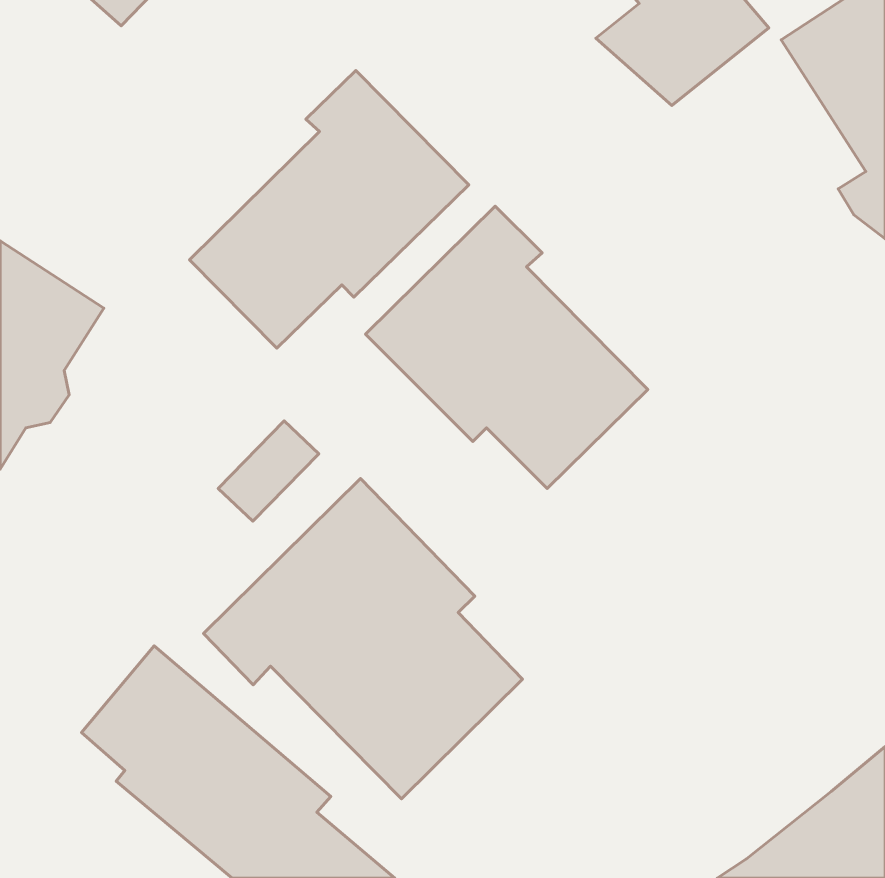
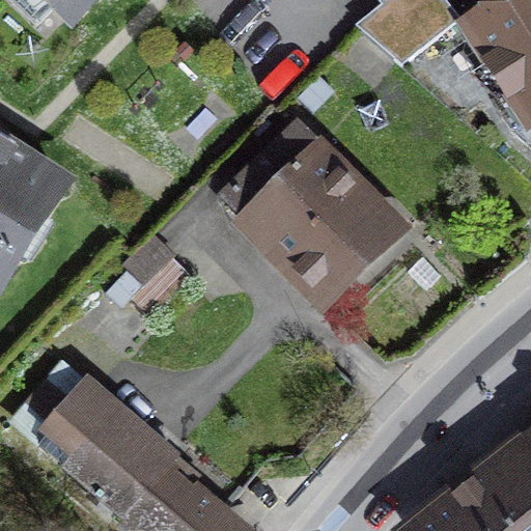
building: [189,70,469,348] -> none
building: [203,478,523,799] -> none

